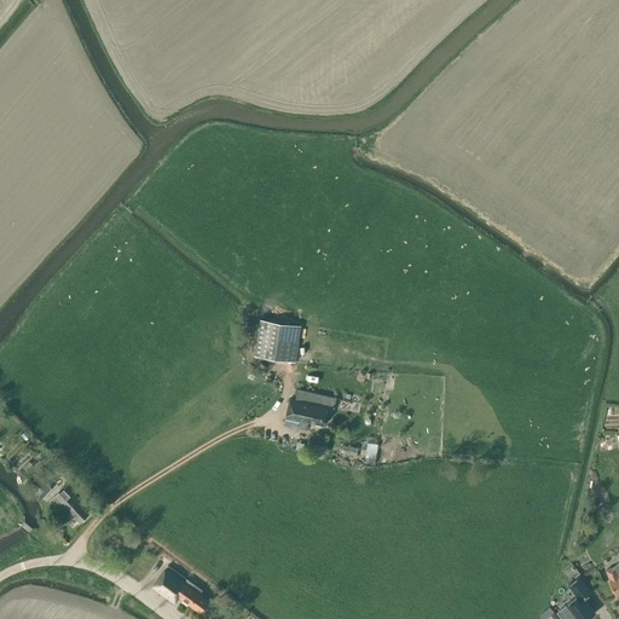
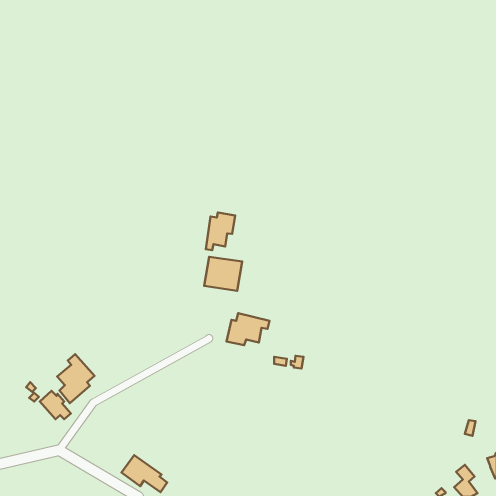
building: none -> [206,213,235,250]
building: none -> [57,354,94,403]

